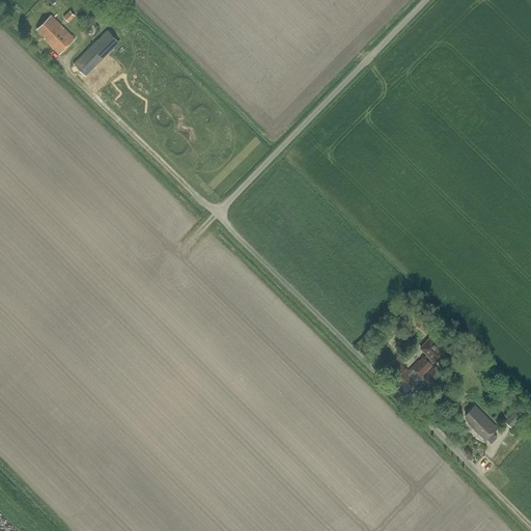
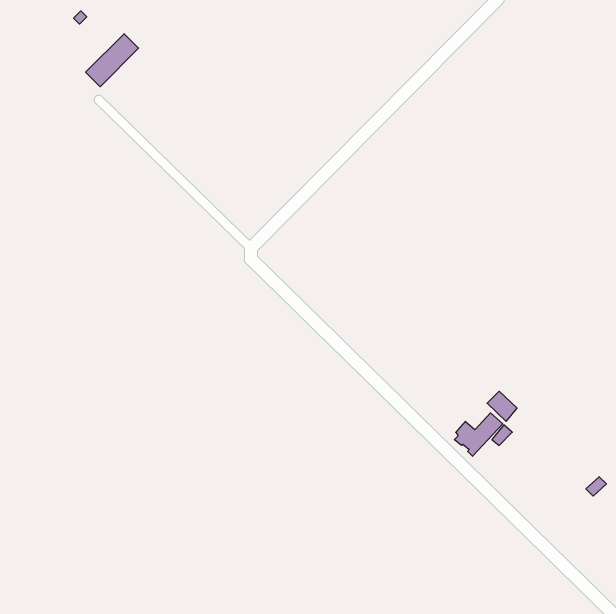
building: [39,16,74,53] -> none
building: [466,404,498,441] -> none

